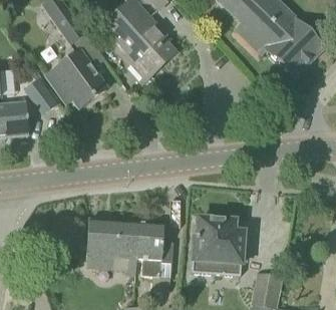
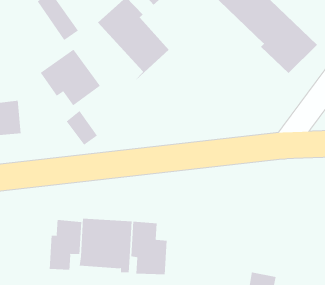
building: [26,76,58,111] -> [66,110,98,146]
building: [192,219,246,275] -> none
building: none -> [49,219,82,270]

